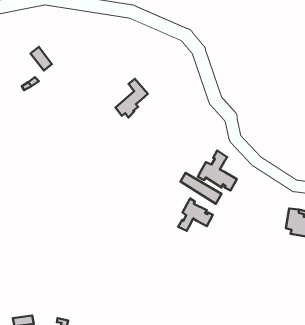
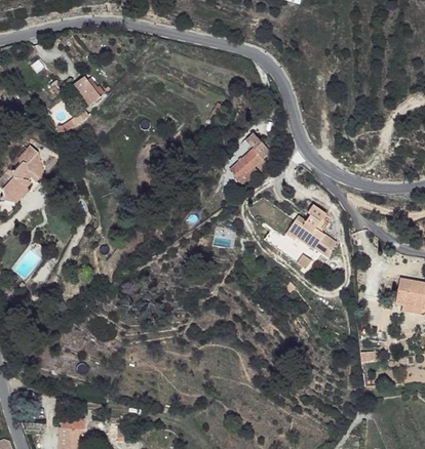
building: [115,79,148,117] -> [234,132,275,180]
building: [178,198,213,231] -> none

